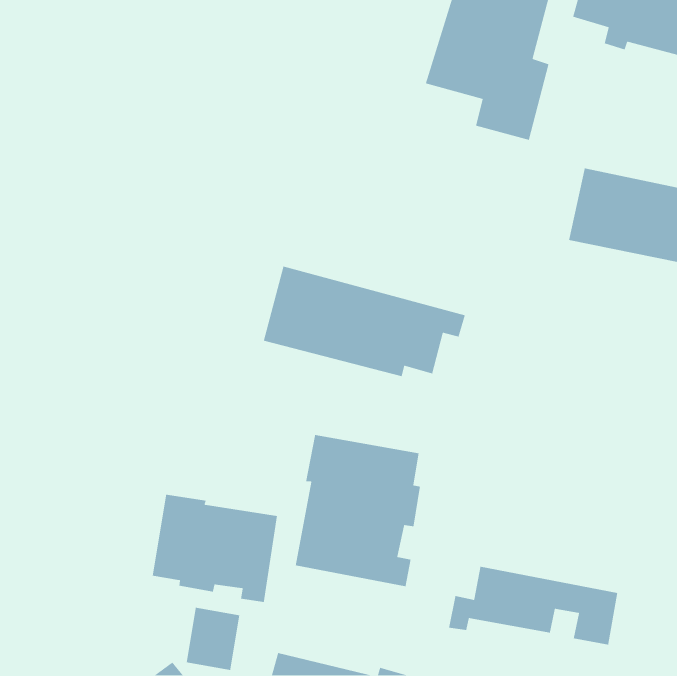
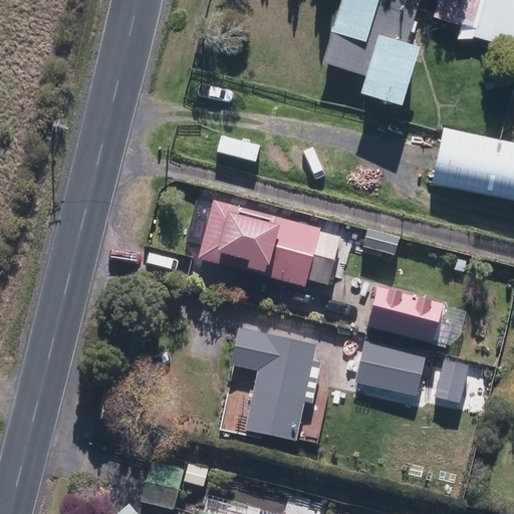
building: none -> [367,285,441,341]
building: [152,494,278,603] -> none
building: [448,566,618,646] -> [340,342,469,403]

